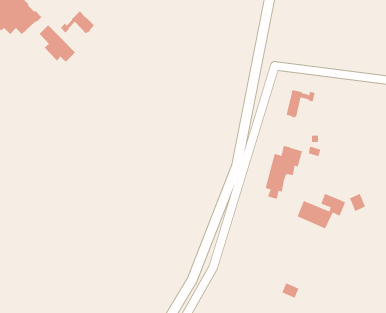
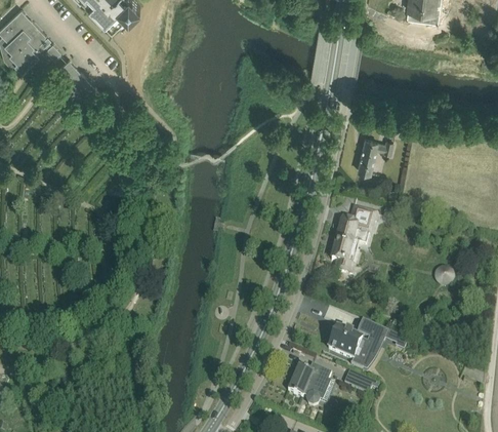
building: [60,11,95,34] -> none
building: [297,193,346,229] -> [328,318,387,362]
building: none -> [287,362,331,404]

